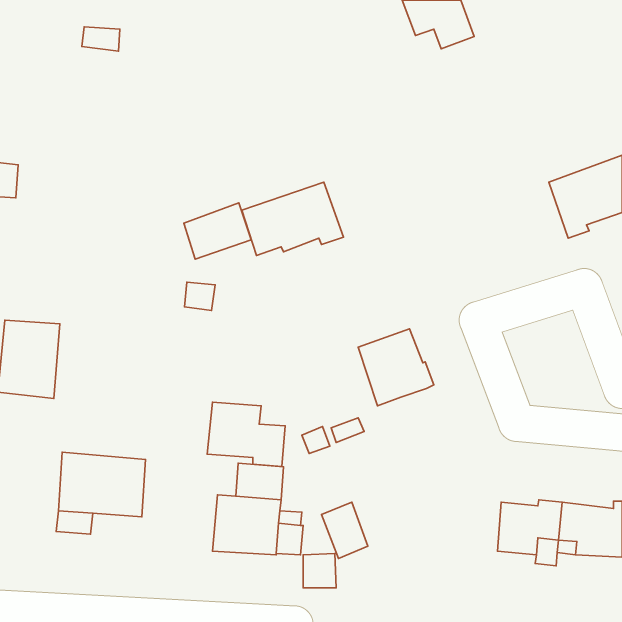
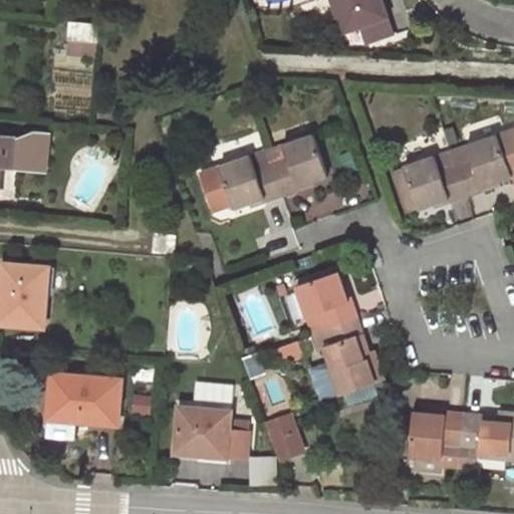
building: none -> [13,131,46,168]
building: none -> [266,136,326,197]
building: none -> [402,152,467,211]
building: [184,203,251,259] -> none
building: none -> [310,318,384,397]
building: [207,402,285,466] -> none

